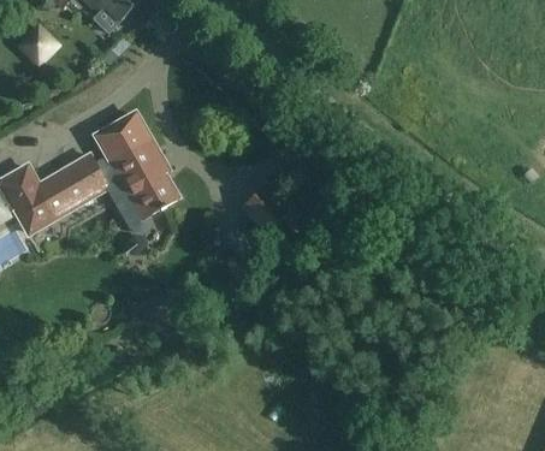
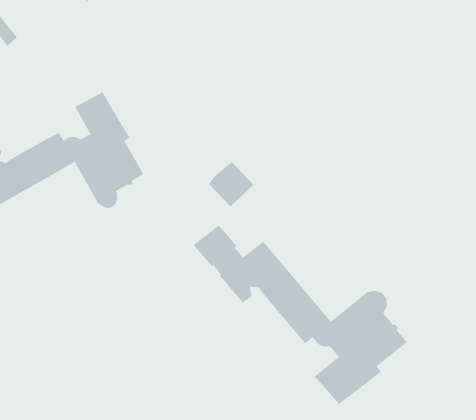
building: none -> [193,225,407,405]

